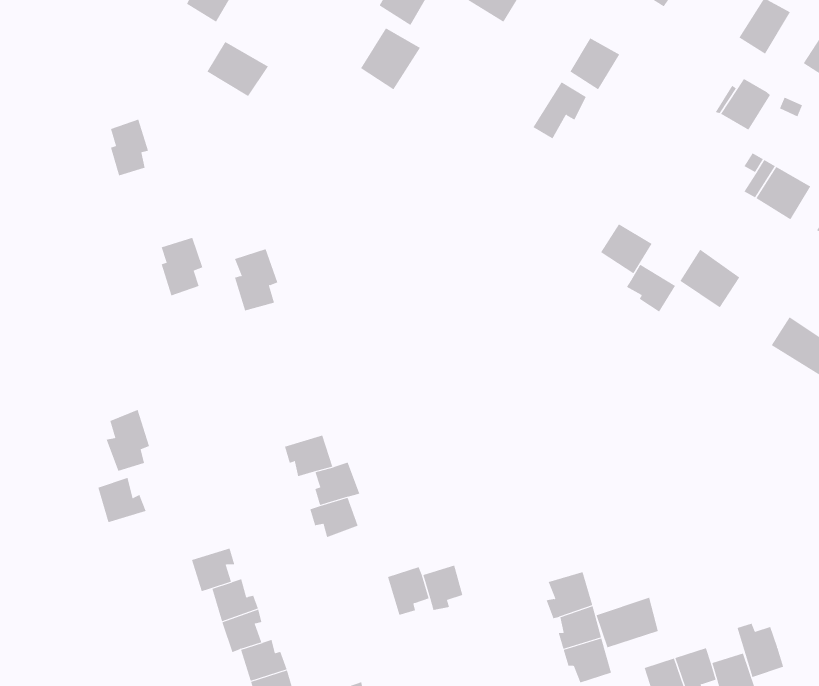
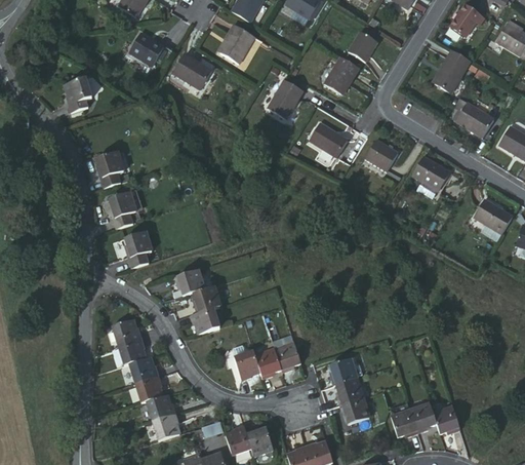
building: none -> [170,53,209,88]
building: none -> [267,77,302,116]
building: none -> [314,126,350,161]
building: [234,249,278,311] -> [111,191,137,229]
building: [626,264,676,313] -> none
building: [106,409,150,472] -> [123,230,150,268]
building: [98,477,147,523] -> [111,318,140,346]
building: none -> [277,342,302,371]
building: [596,597,659,648] -> none
building: [737,623,784,678] -> none

